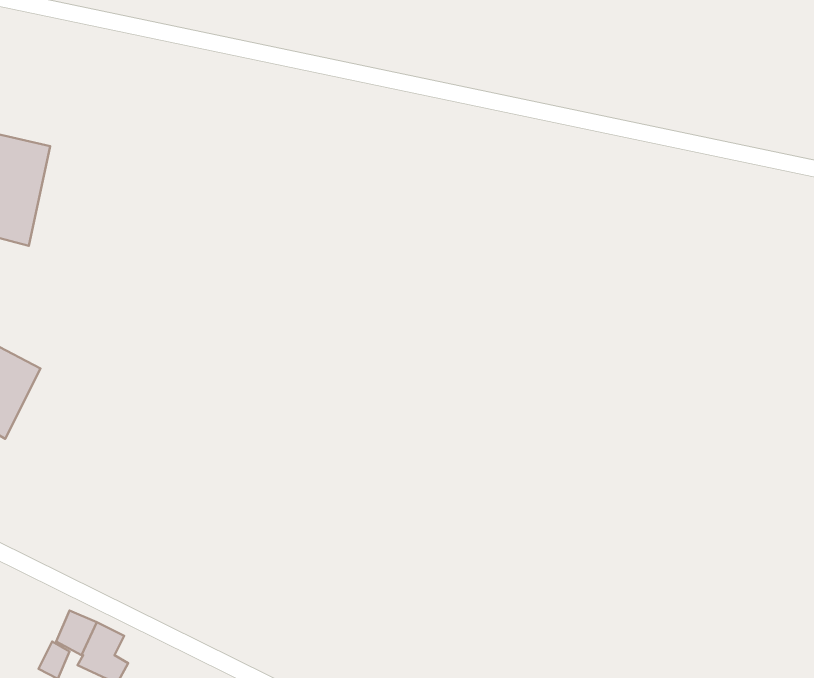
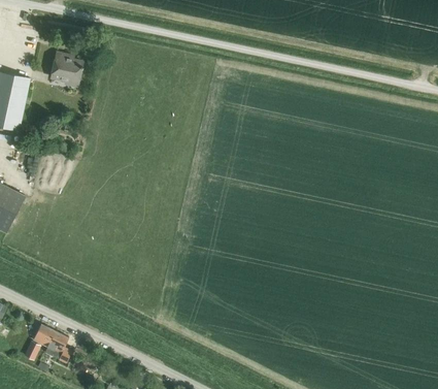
building: none -> [50,52,82,88]

